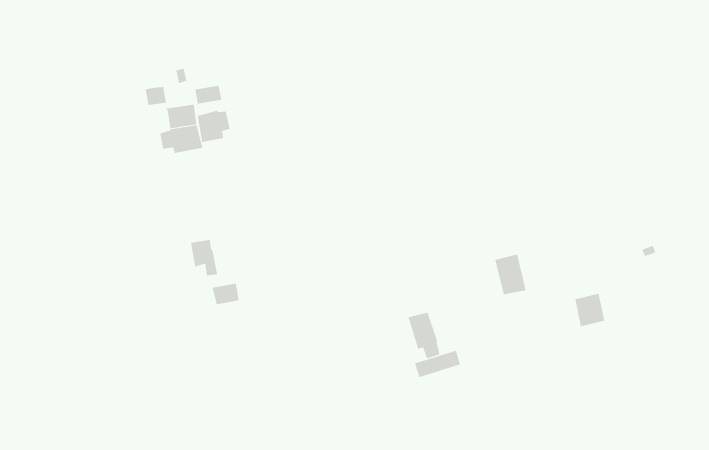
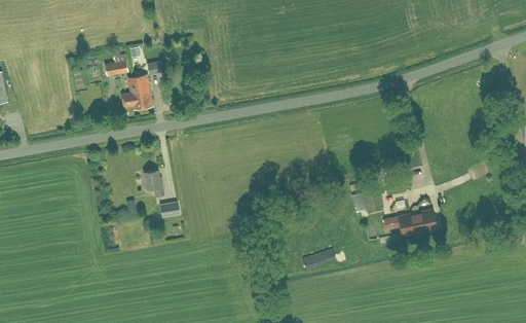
building: [197,110,230,143] -> none
building: none -> [383,213,419,236]
building: [408,312,440,359] -> none

